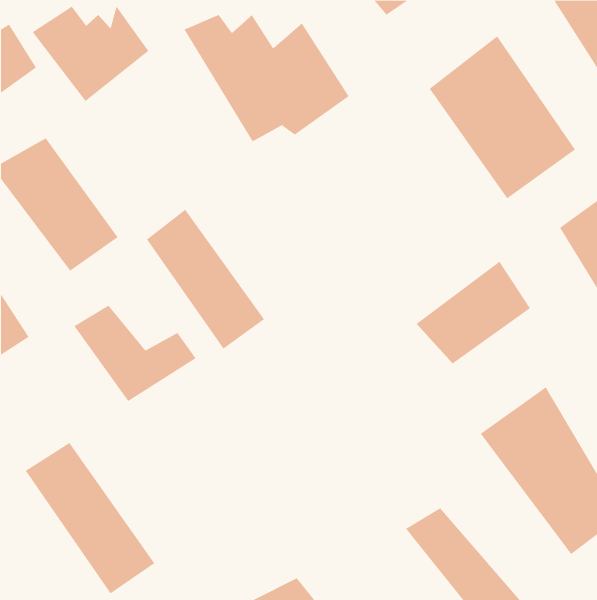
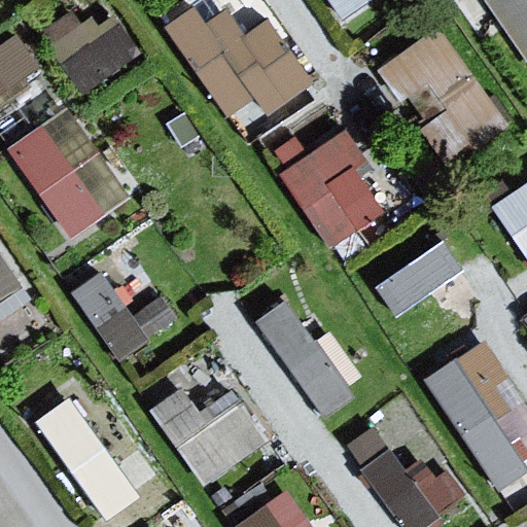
building: none -> [280,129,363,246]
building: [146,209,265,349] -> none
building: none -> [261,308,358,420]
building: none -> [150,385,268,481]

